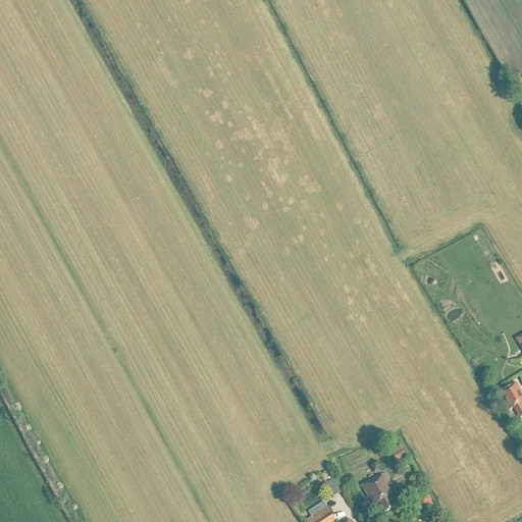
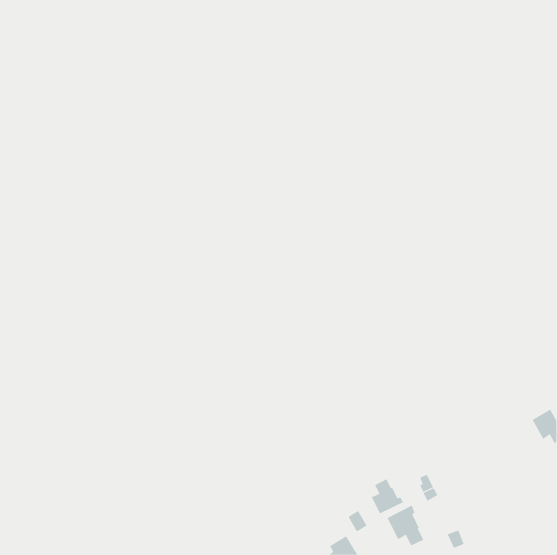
building: none -> [371,479,404,514]

